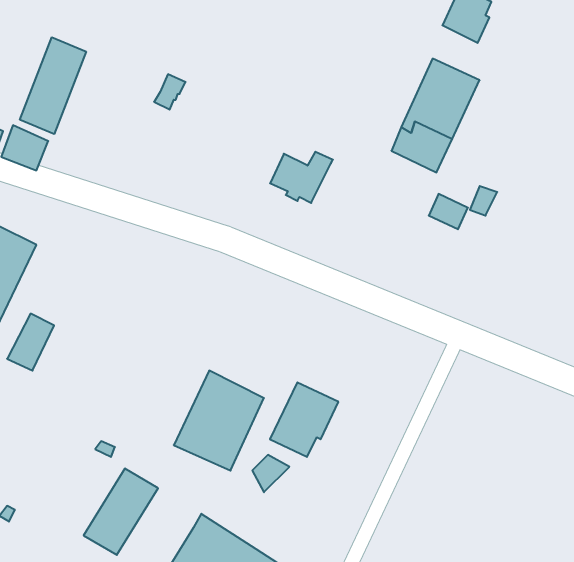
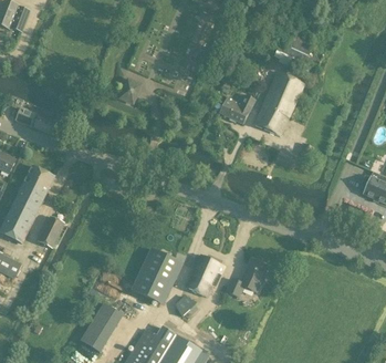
building: [20,37,86,134] -> none
building: [270,152,333,203] -> [220,94,255,123]
building: none -> [227,258,268,295]

